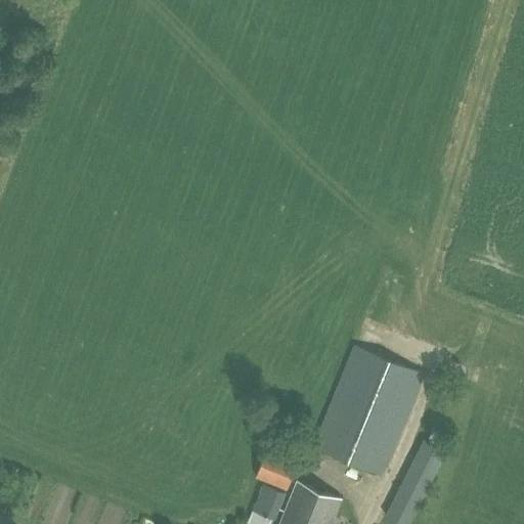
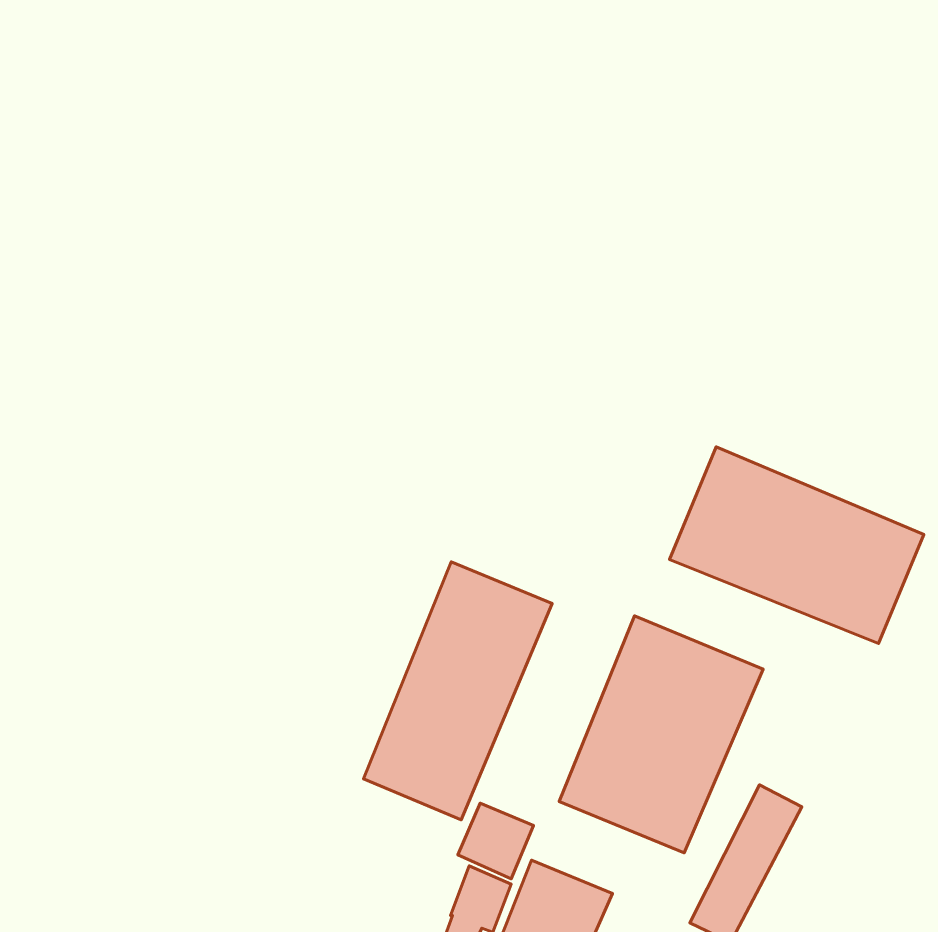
building: none -> [669,447,924,643]
building: none -> [363,562,552,820]

